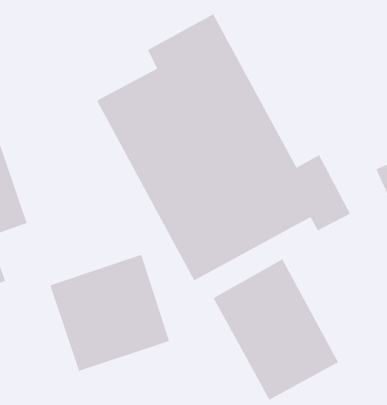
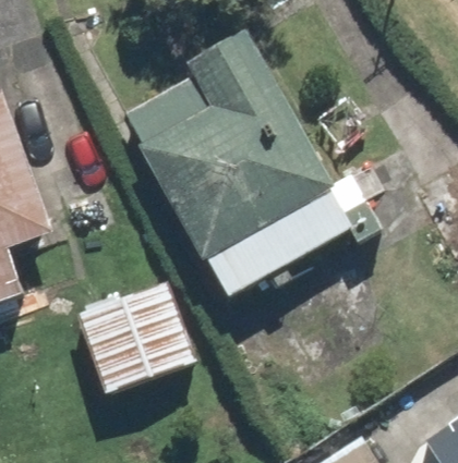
building: [213,258,339,400] -> none

